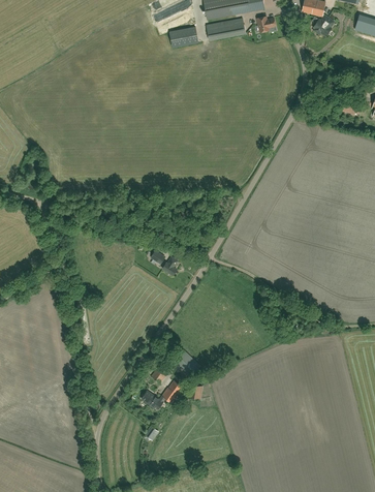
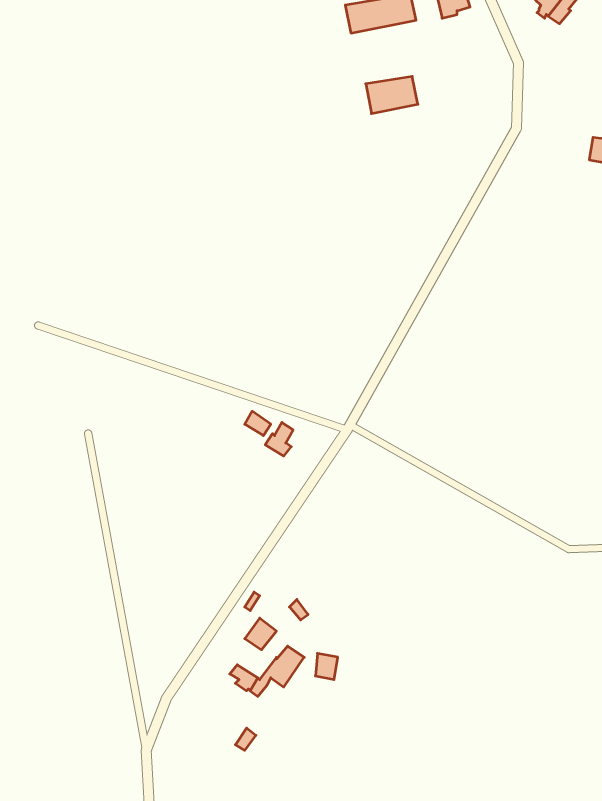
building: [168,26,197,47] -> [366,76,418,114]

